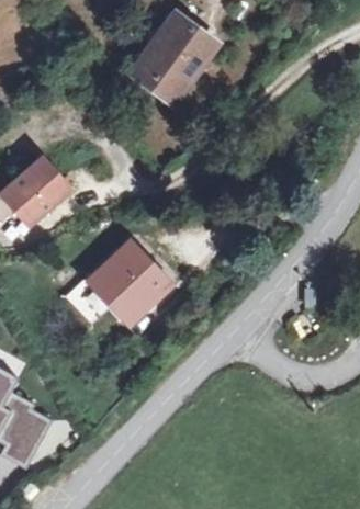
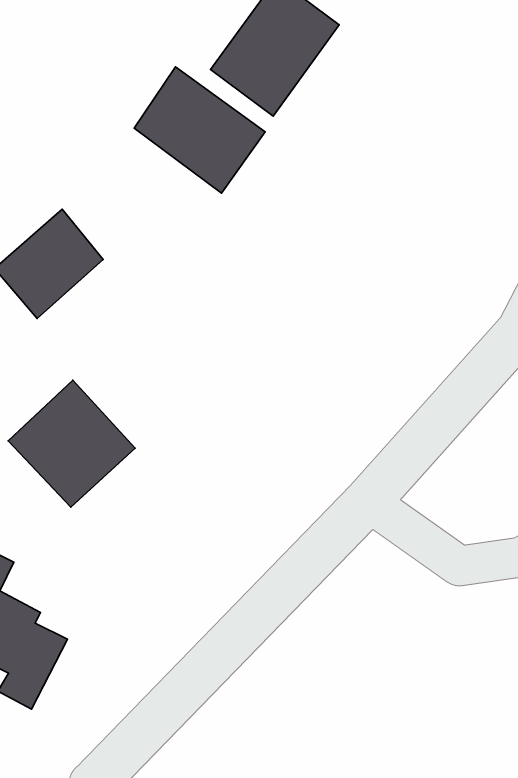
building: none -> [134,67,265,193]
building: [92,242,170,320] -> [8,380,135,507]

